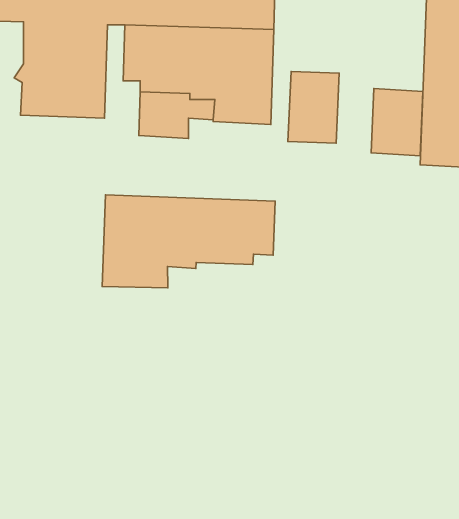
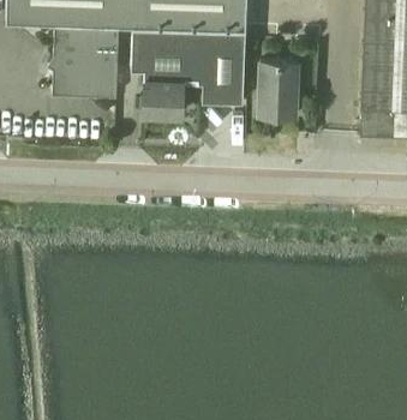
building: [371,89,423,156] -> none
building: [102,195,275,288] -> none

